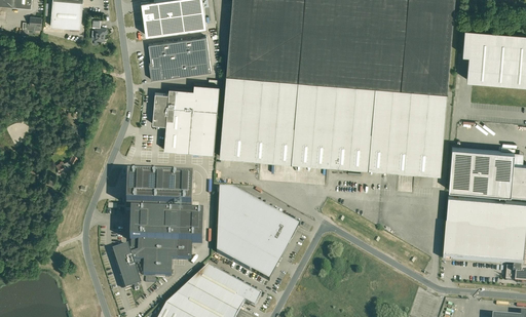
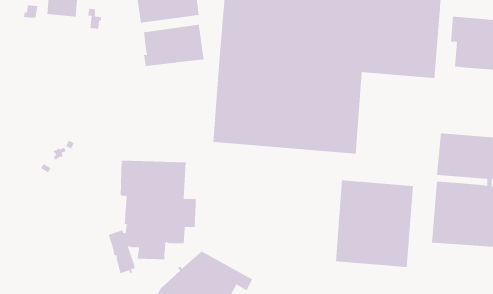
building: [152,81,219,152] -> none
building: [367,83,447,172] -> [335,180,414,268]
building: [217,186,300,279] -> none

